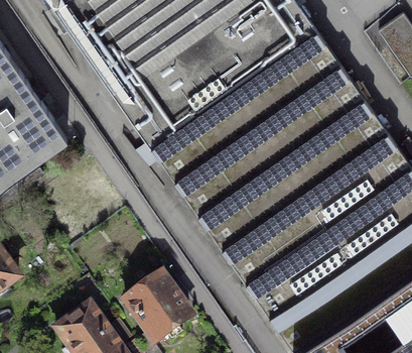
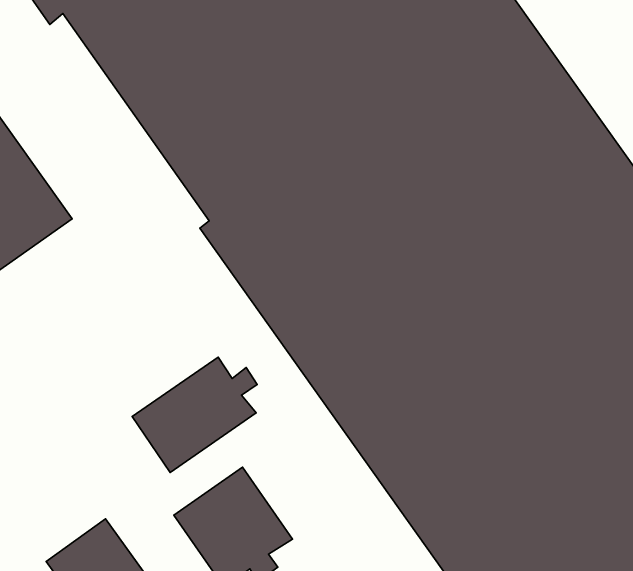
building: none -> [132,357,257,472]

